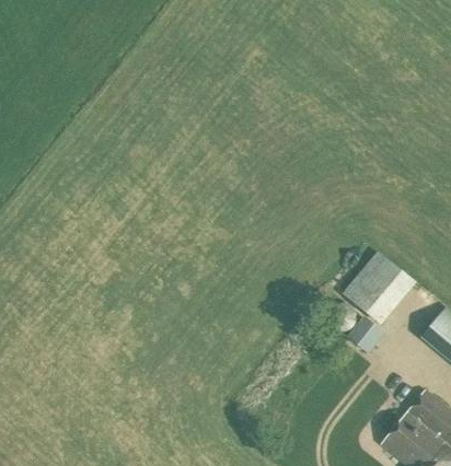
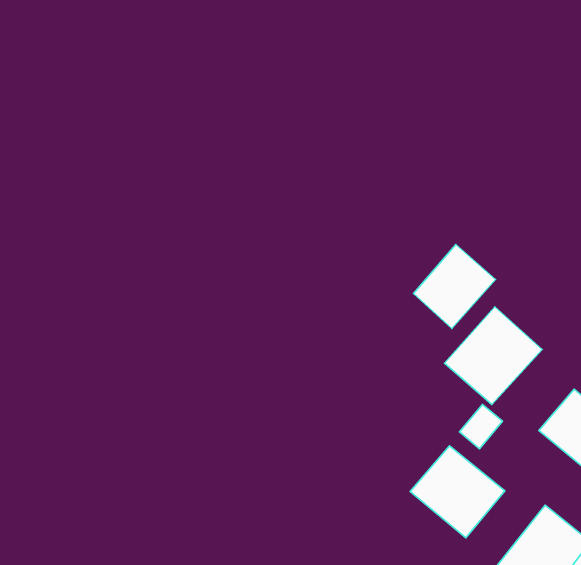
building: none -> [413,244,496,329]
building: none -> [410,446,505,538]

